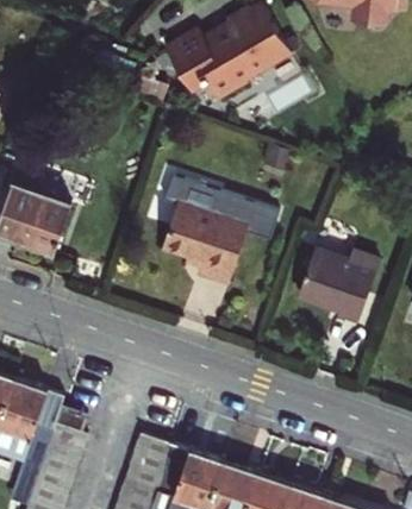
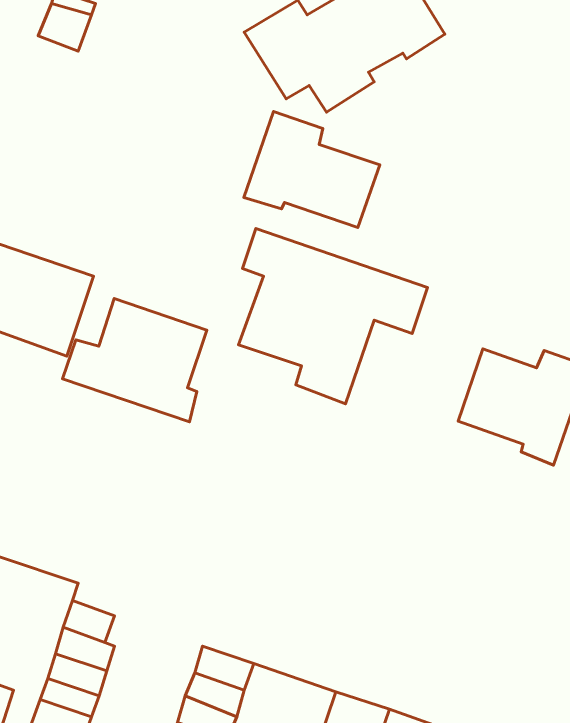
building: none -> [244,112,380,227]
building: none -> [63,298,207,422]

